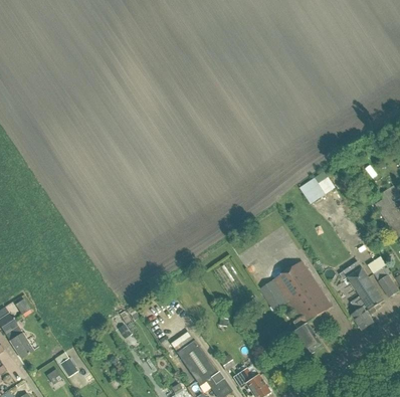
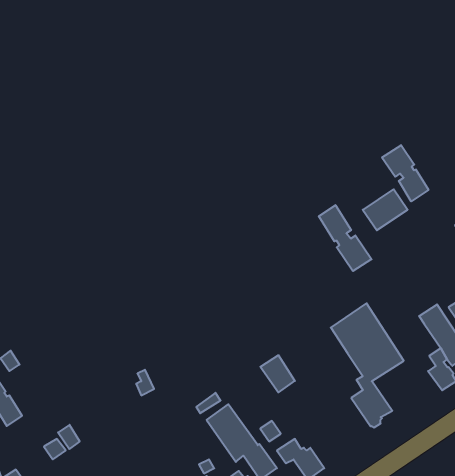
building: none -> [382,145,428,201]
building: none -> [319,205,372,271]
building: [260,279,287,309] -> [260,355,295,392]

